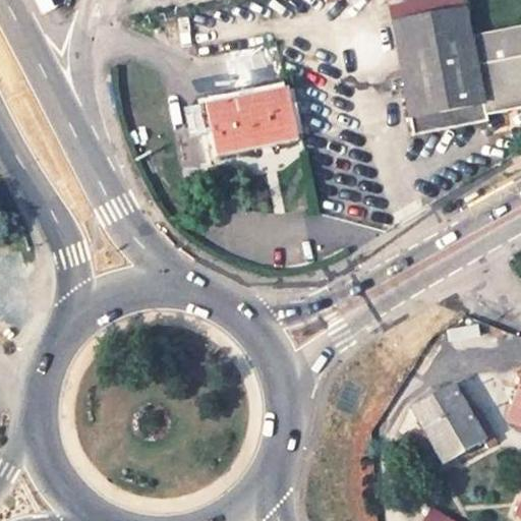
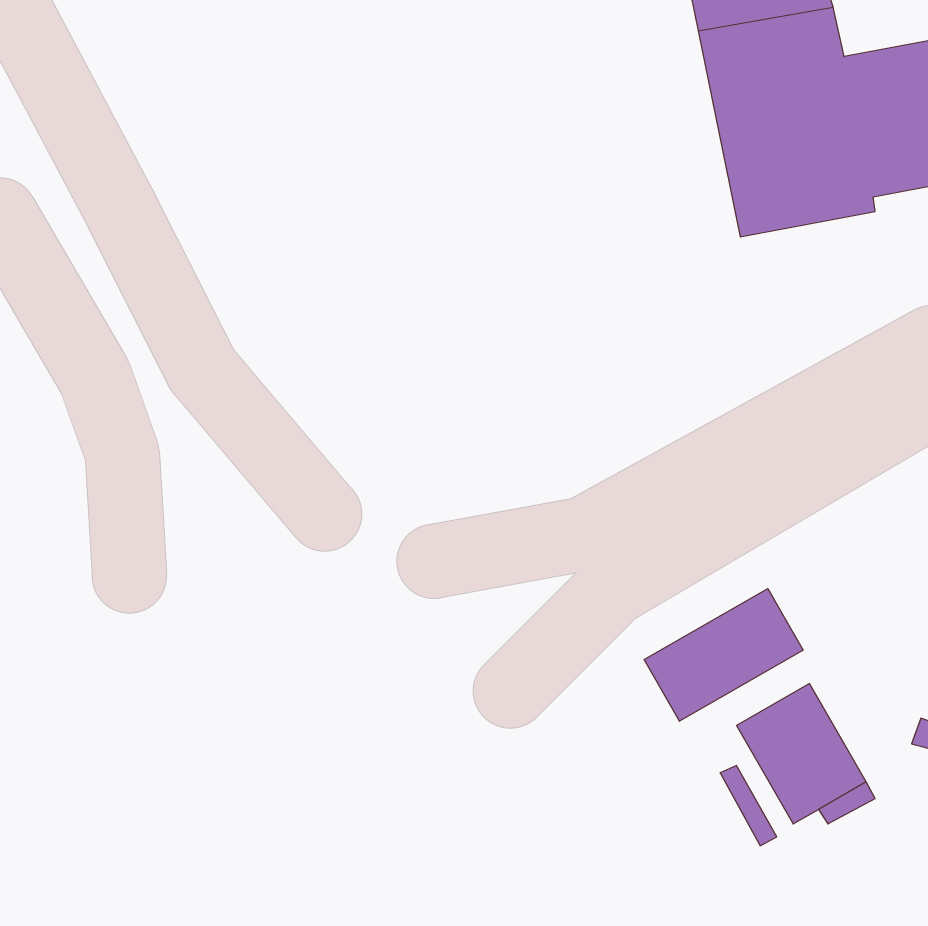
building: [208,85,297,152] -> none
building: none -> [644,589,803,721]

